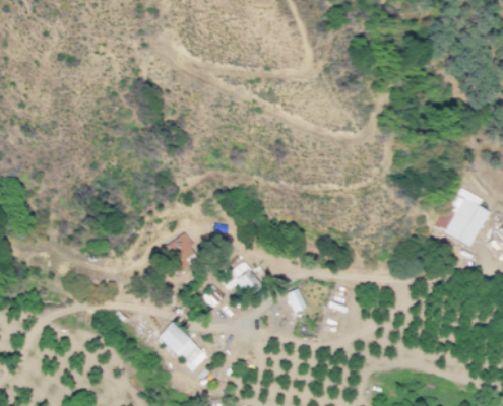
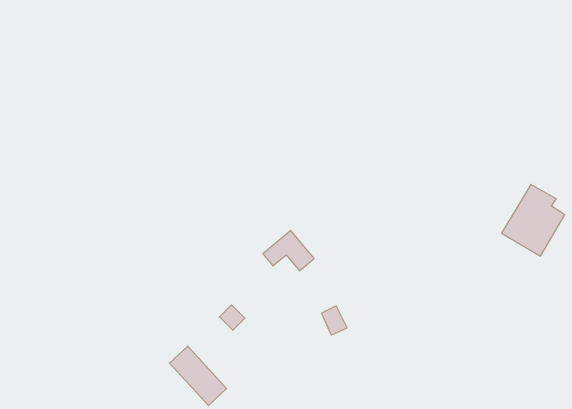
building: [167,233,197,270] -> none
building: [221,262,263,295] -> [263,231,314,271]

